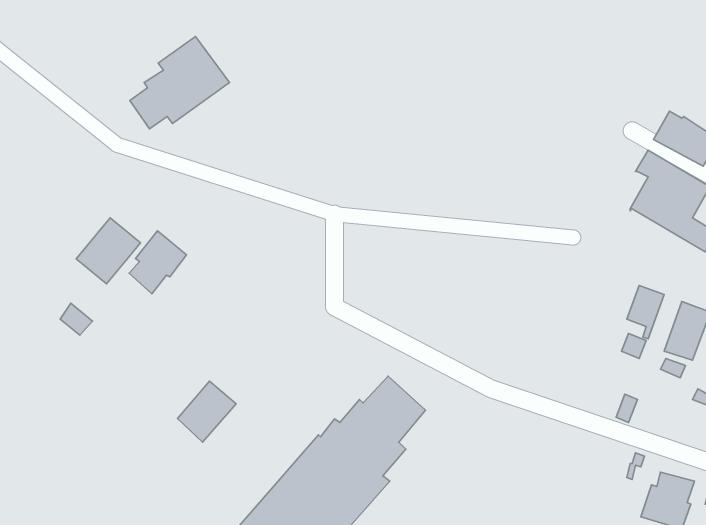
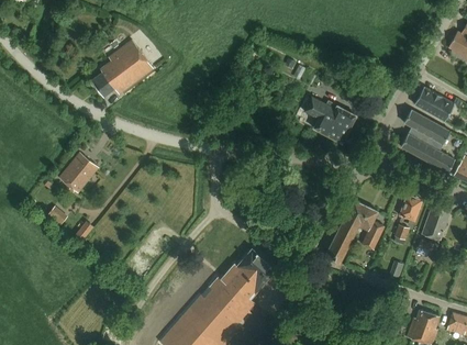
building: none -> [303,94,357,142]
building: [129,231,187,294] -> none
building: none -> [321,199,383,264]
building: [177,381,236,442] -> none

